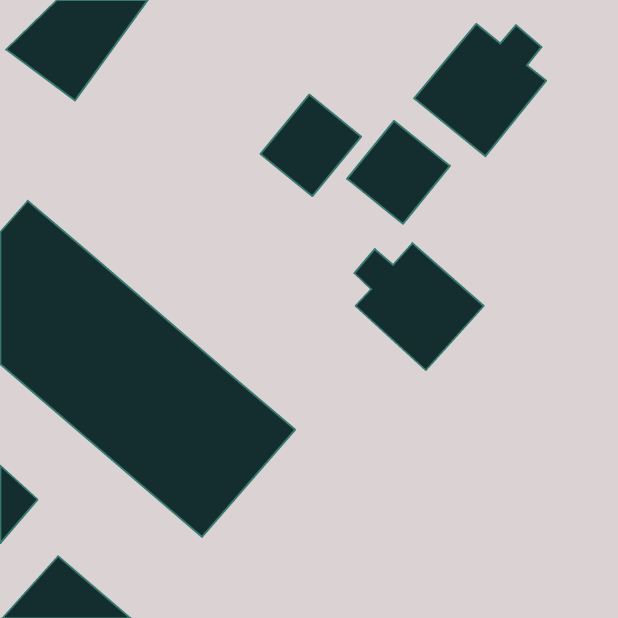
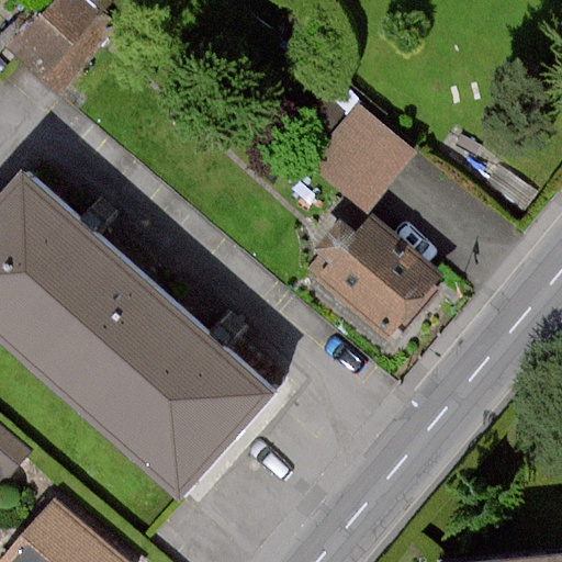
building: [414,24,546,156] -> none
building: [261,95,361,196] -> none

